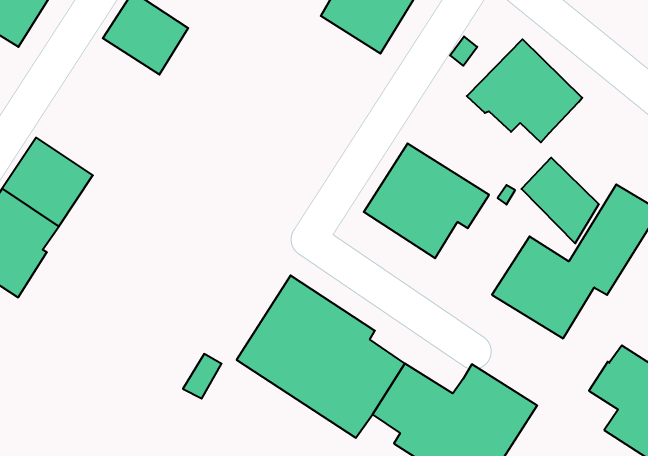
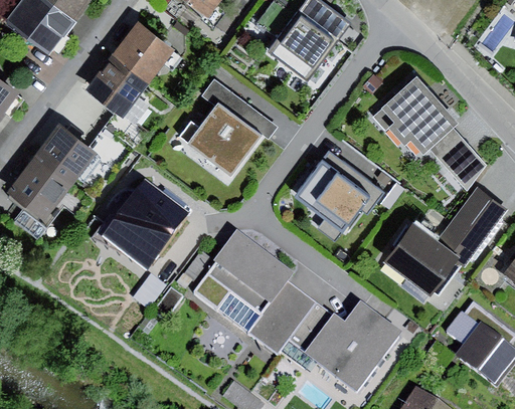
building: none -> [85,54,151,118]
building: none -> [177,78,278,173]
building: [521,158,599,243] -> [430,125,485,188]
building: none -> [102,175,189,266]

